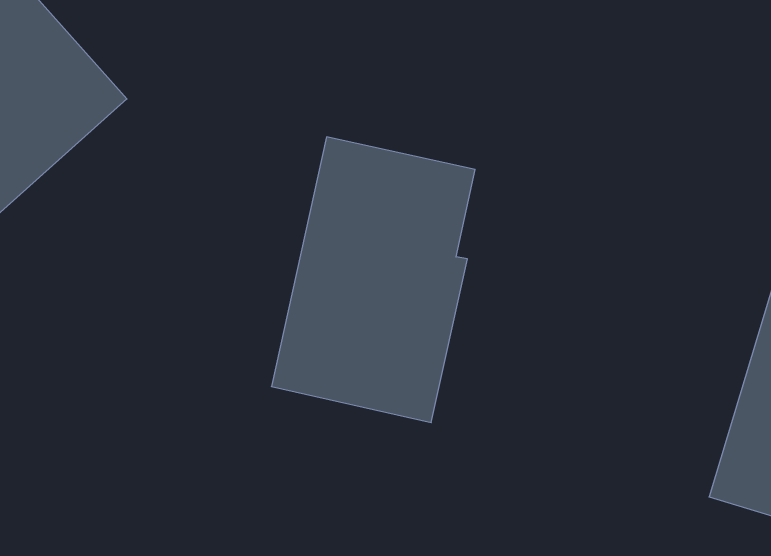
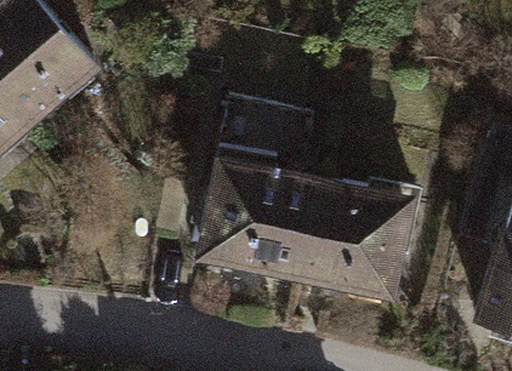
building: none -> [292,170,423,296]

